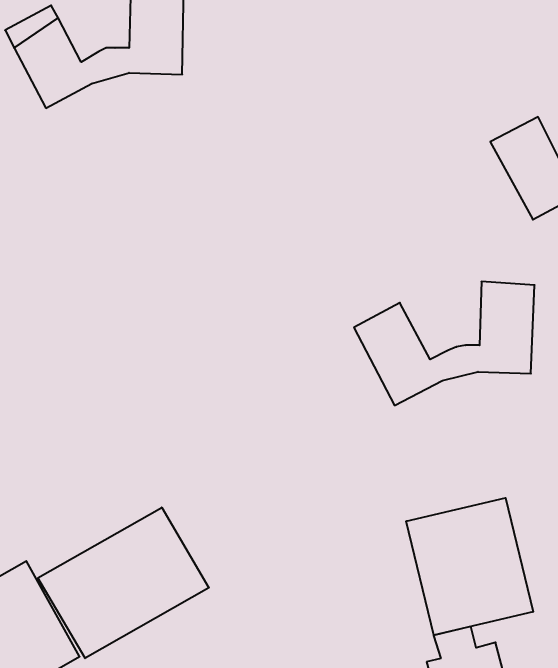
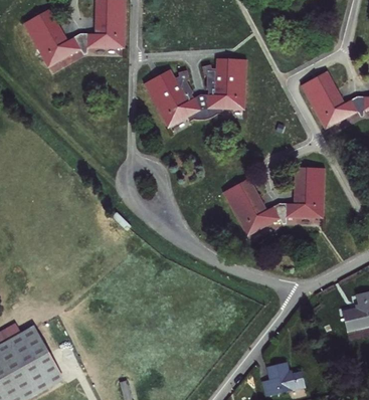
building: none -> [144,57,246,127]
building: [406,498,533,635] -> none
building: [38,507,209,658] -> none

